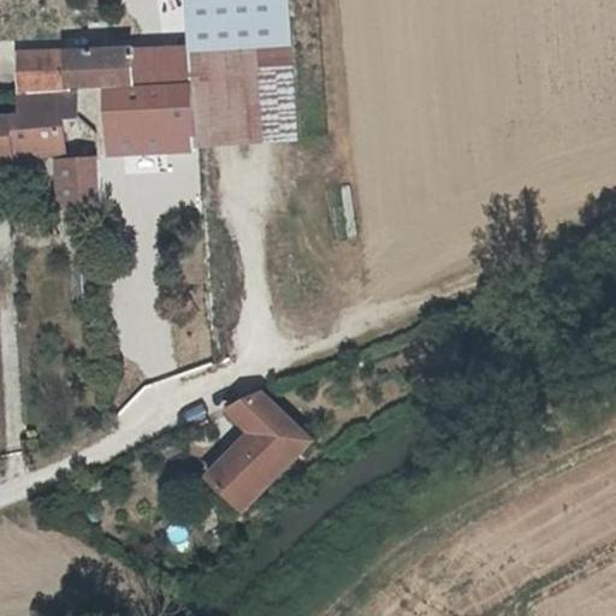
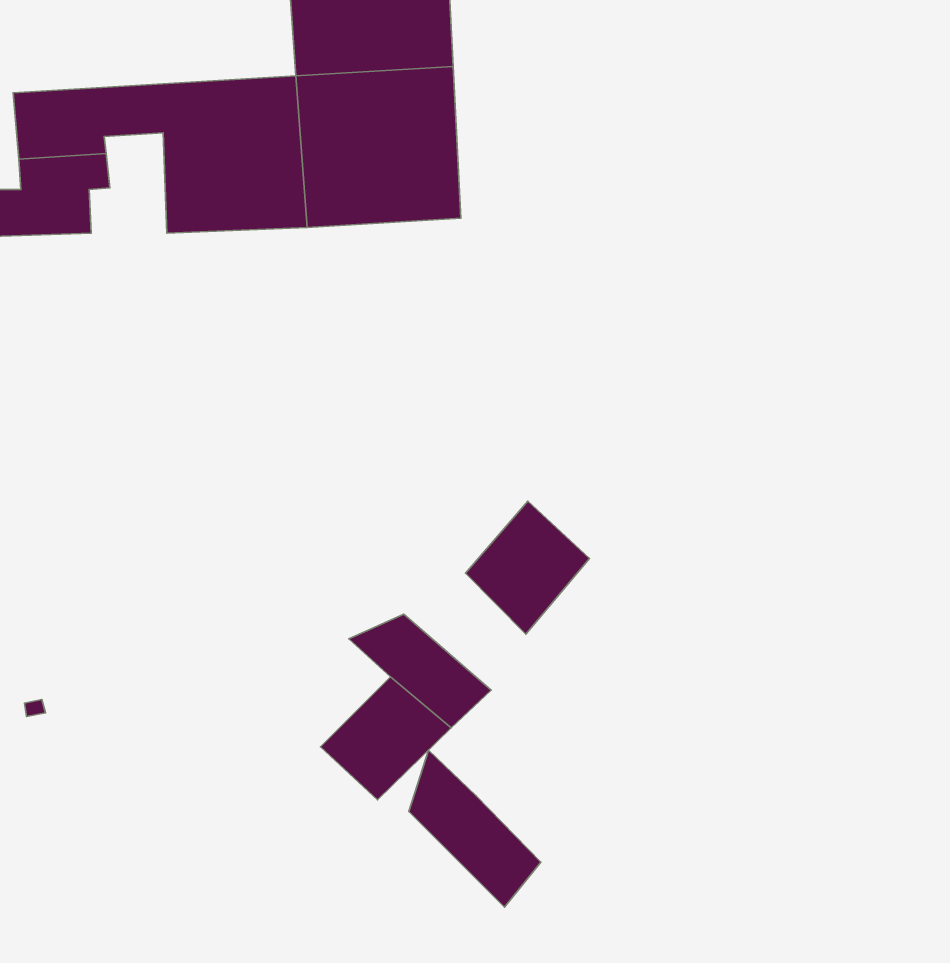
building: [59,159,93,205] -> none
building: none -> [465,501,590,634]
building: none -> [409,750,541,907]

